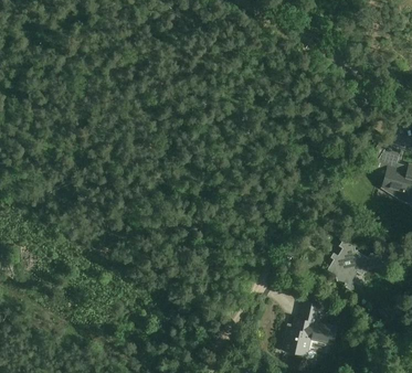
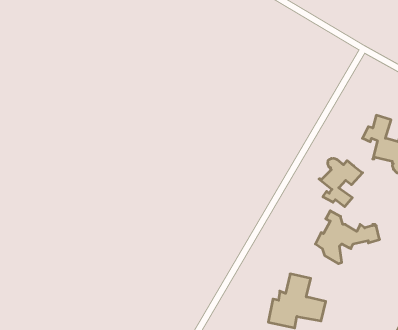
building: none -> [319,158,363,207]

